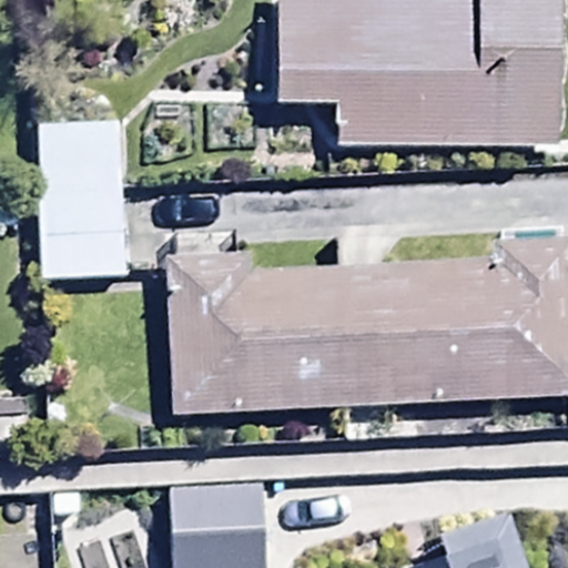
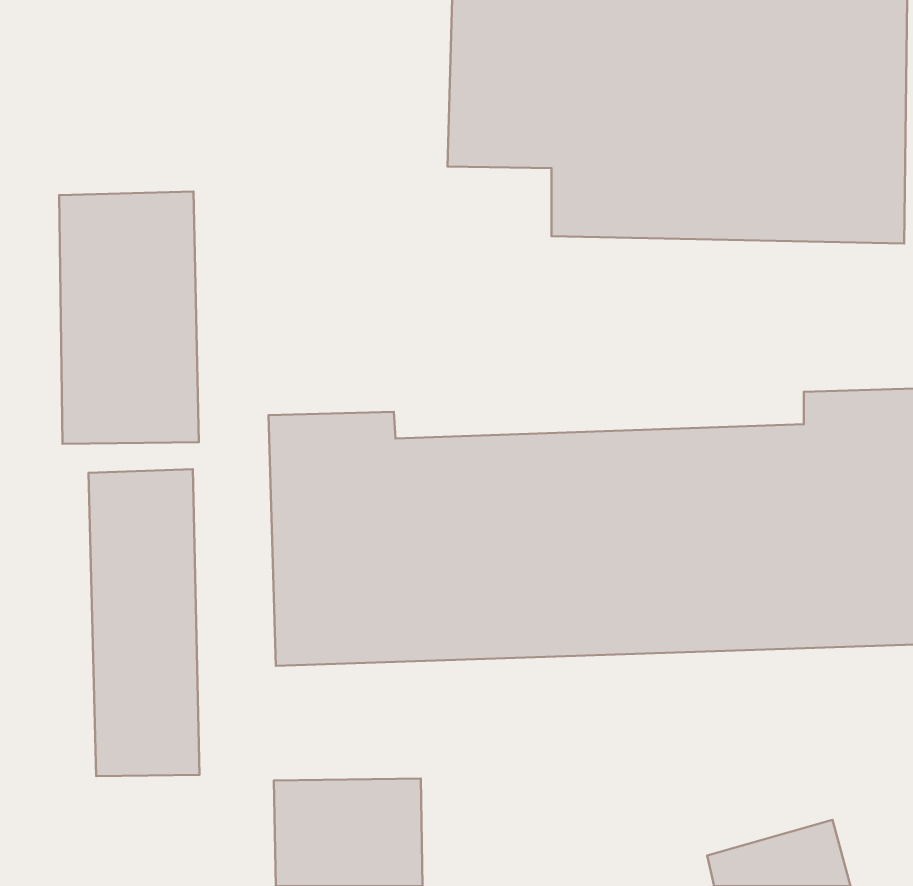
building: none -> [88,469,200,776]

